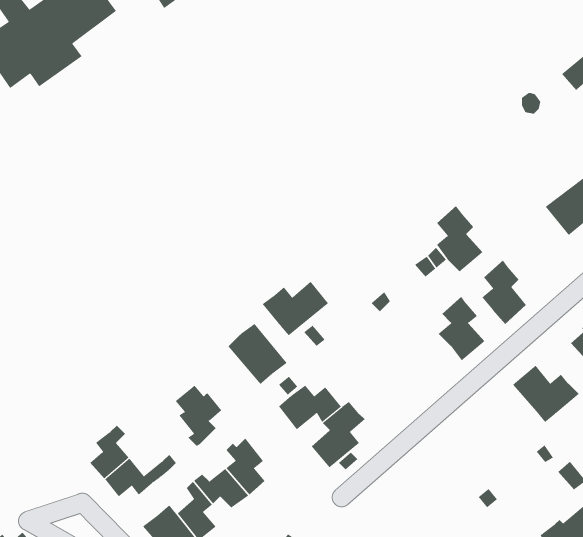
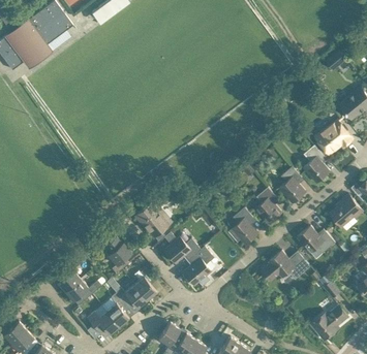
building: [436,205,483,272] -> [303,144,330,183]
building: [262,281,329,336] -> none
building: none -> [227,207,257,244]
building: none -> [261,251,310,281]

